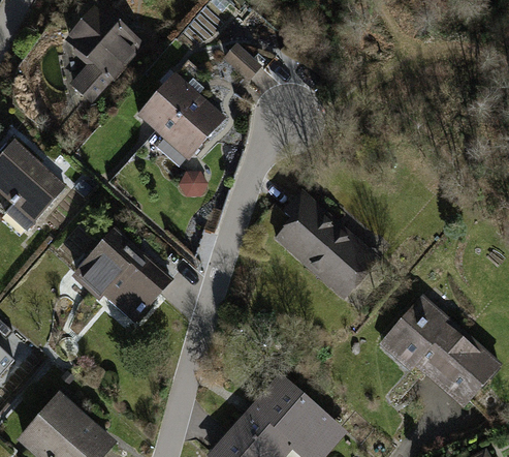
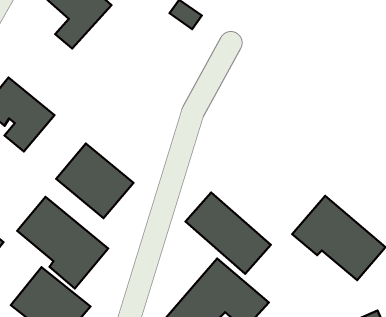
building: [134,72,227,162] -> none
building: [267,193,377,298] -> [185,193,271,274]
building: none -> [17,197,108,288]

